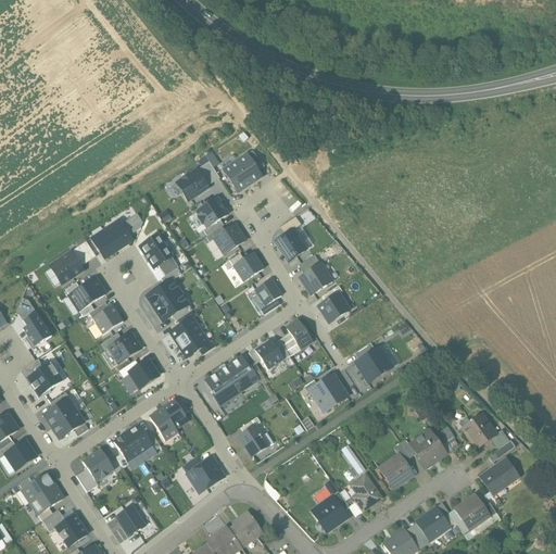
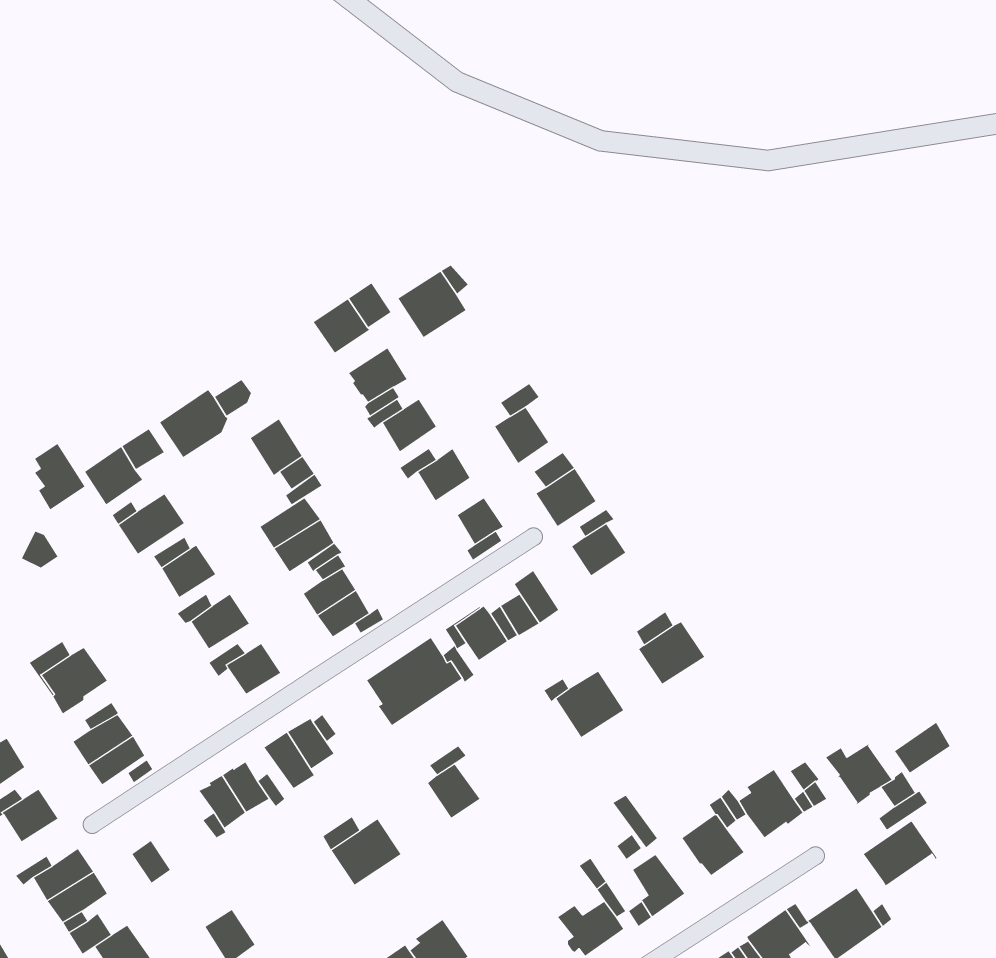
building: [23,312,51,349] -> [34,443,85,510]
building: none -> [894,722,951,774]
building: [83,450,114,481] -> none

